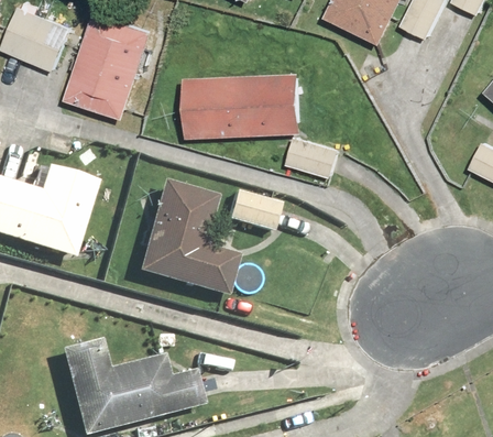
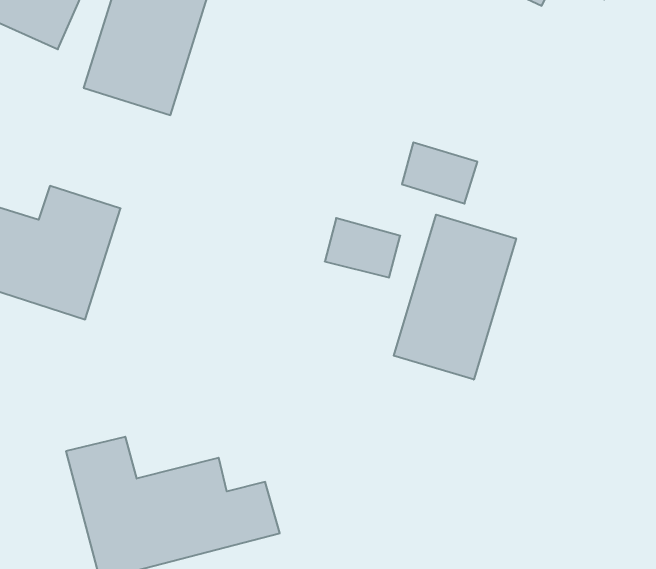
building: [185,73,303,138] -> none
building: [132,178,234,295] -> none
building: none -> [394,215,516,380]

